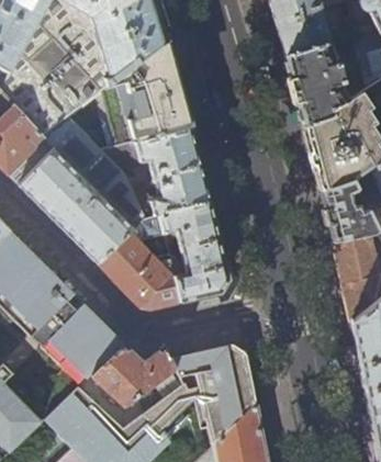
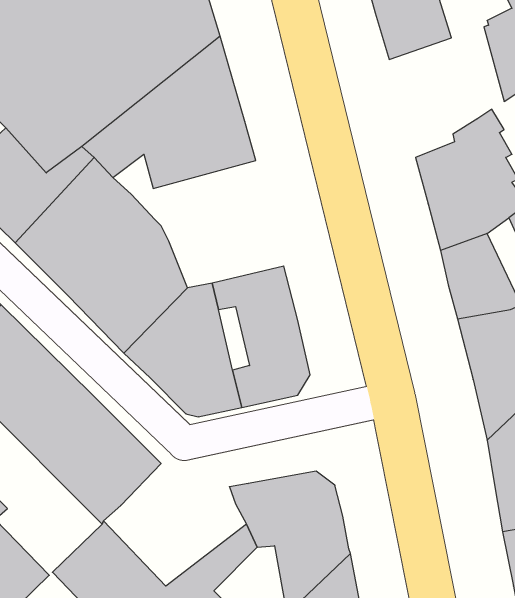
building: [284,42,347,126] -> none
building: [102,128,210,218] -> none
building: [94,342,176,406] -> none

